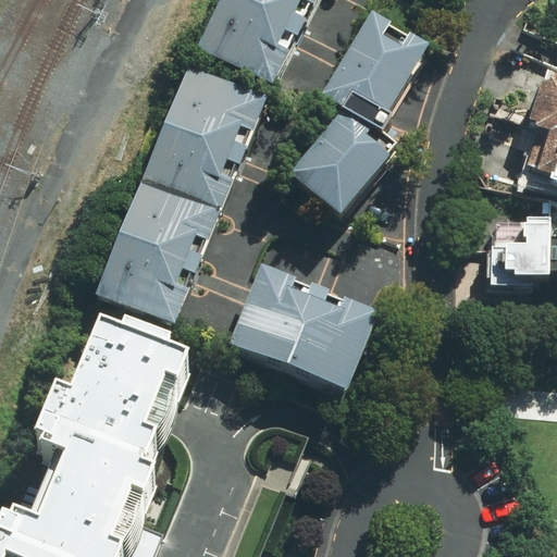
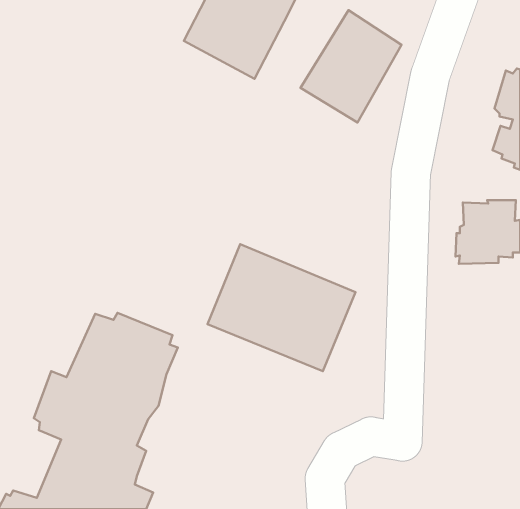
building: [146,67,267,207] -> none
building: [288,110,393,214] -> none
building: [94,181,219,323] -> none

